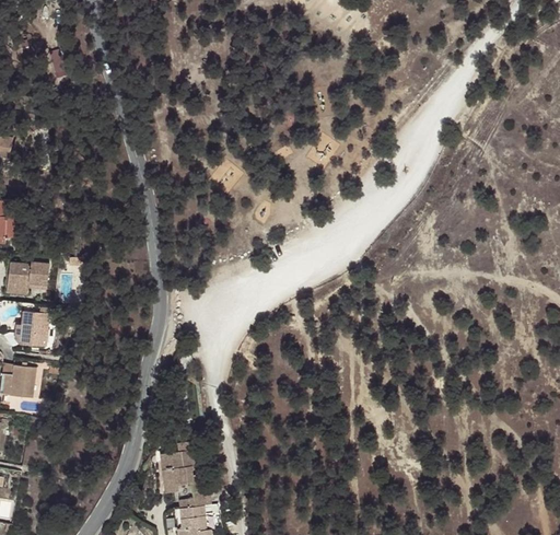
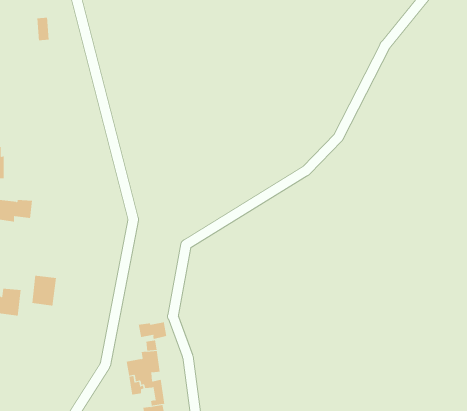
building: [18,312,47,348] -> [32,275,57,306]
building: none -> [138,321,167,340]

